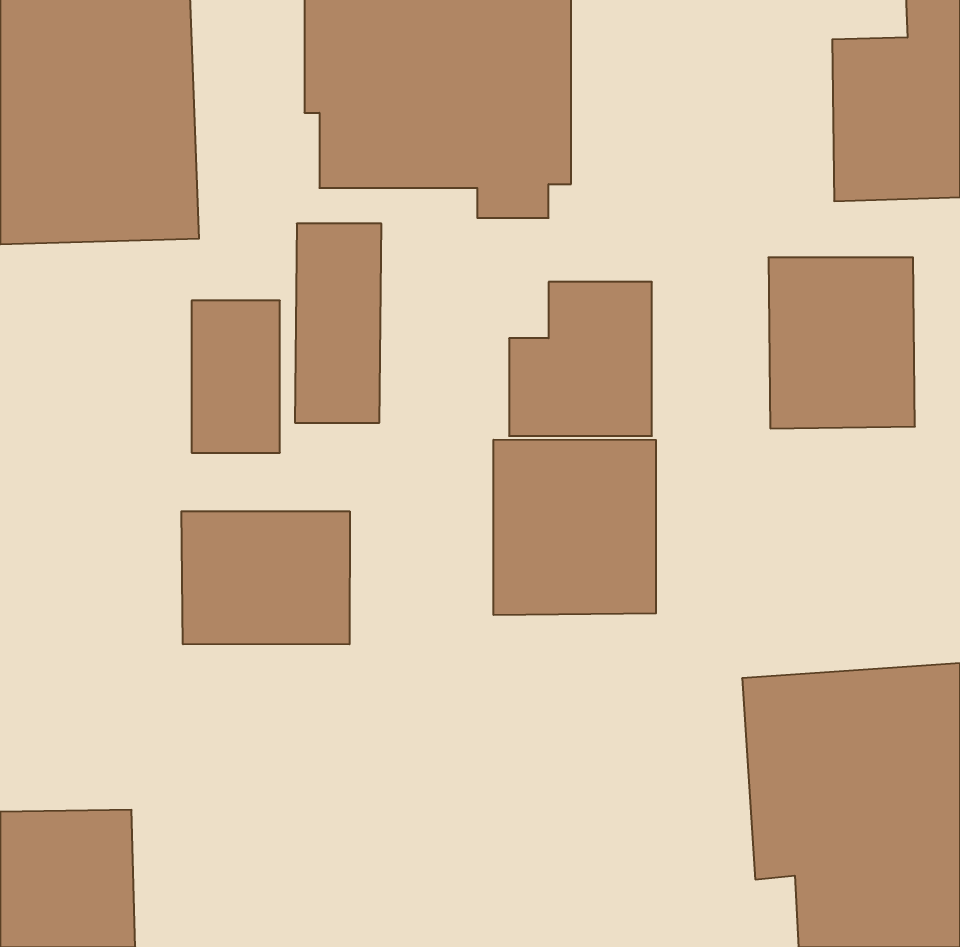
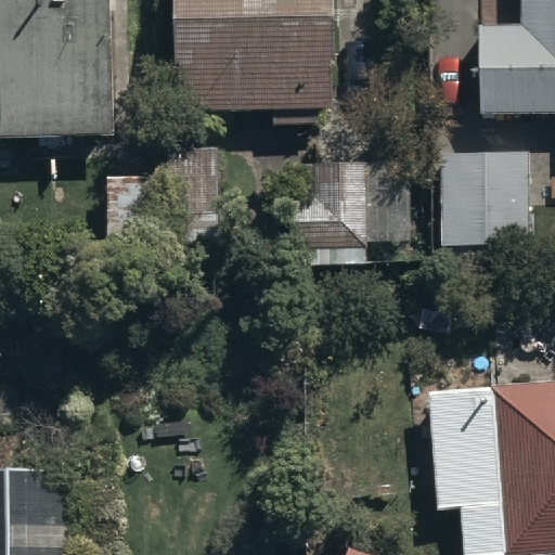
building: [494,440,656,615] -> none
building: [181,511,350,644] -> none

